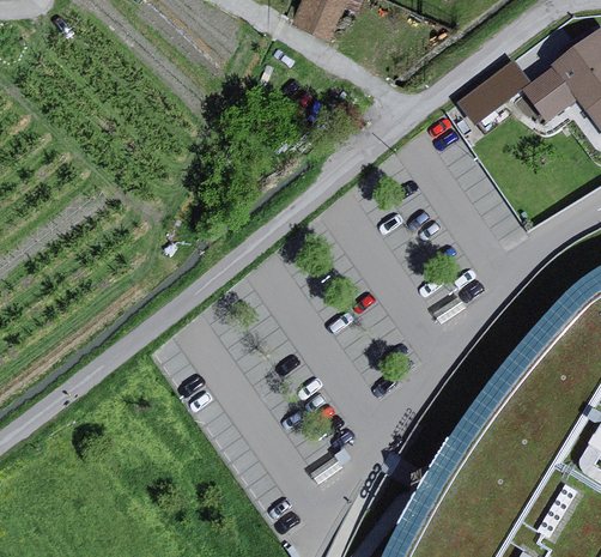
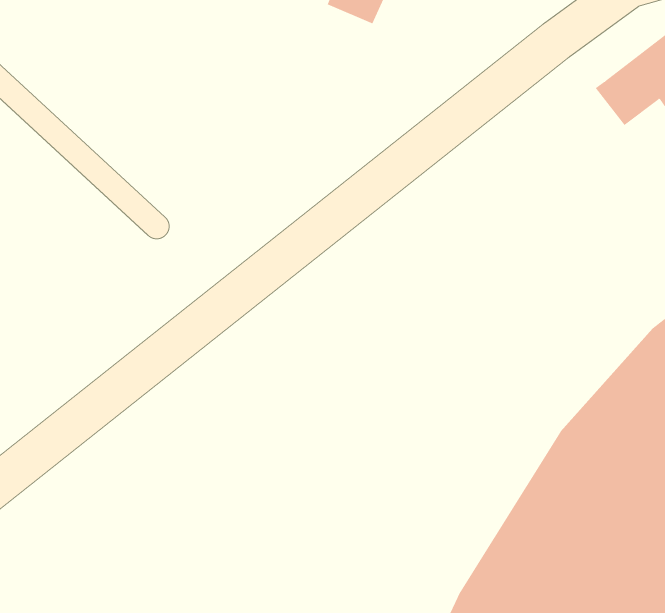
building: [463,62,534,126] -> none

